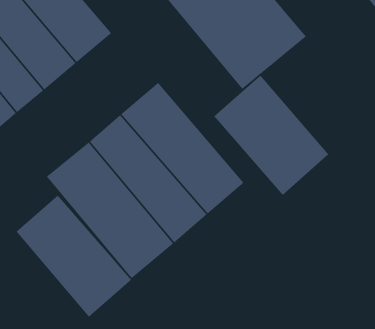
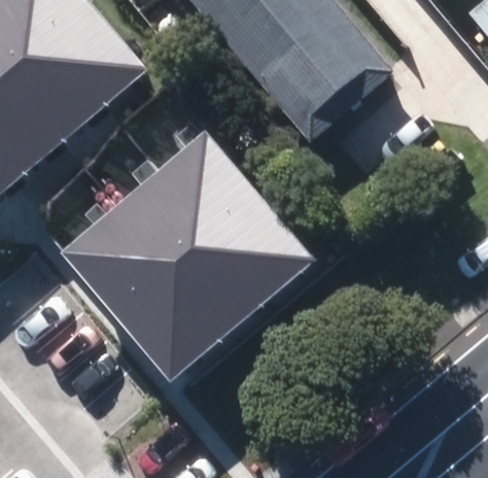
building: [213,75,329,196] -> none
building: [16,194,132,318] -> none

